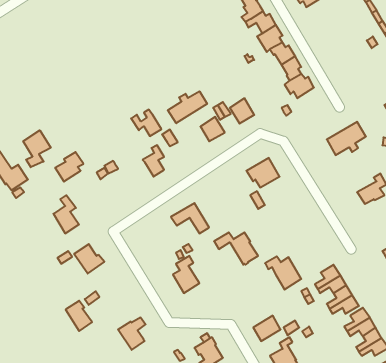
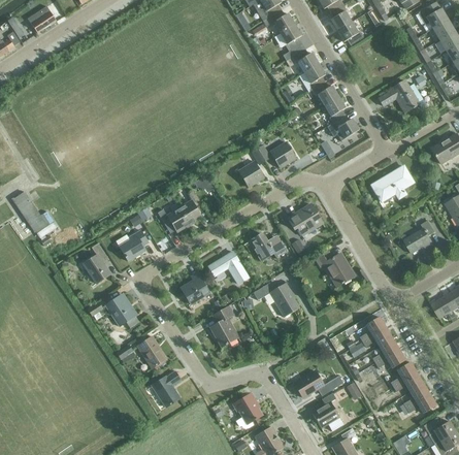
building: none -> [378,79,426,111]
building: [168,91,207,123] -> none
building: [131,110,161,136] -> [157,202,189,230]
building: [23,130,51,167] -> none
building: [55,152,83,182] -> [119,229,149,260]
building: none -> [249,232,286,259]
building: none -> [181,271,208,302]
building: [265,256,301,290] -> [316,251,354,286]
building: [66,301,92,331] -> [137,335,165,367]

